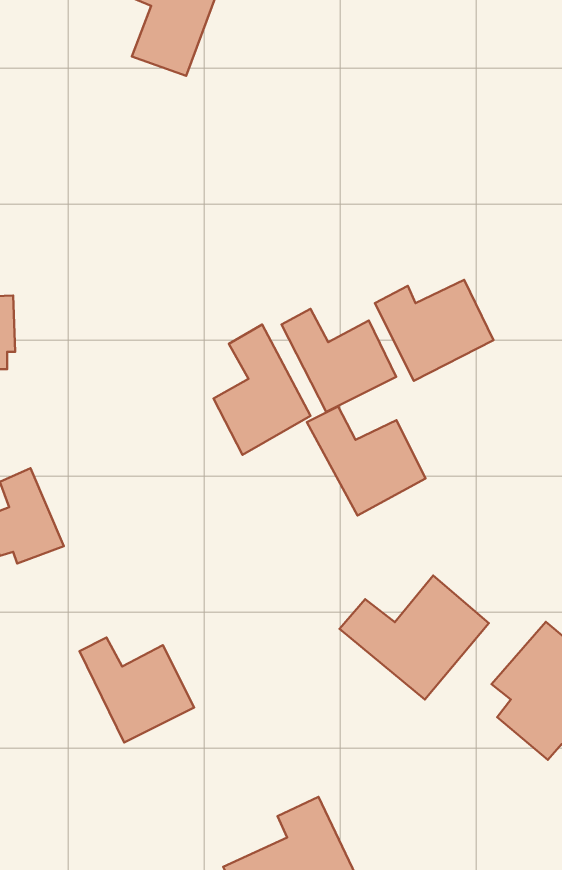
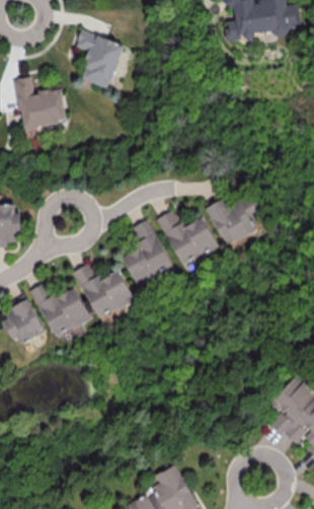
building: none -> [15,77,66,129]
building: [307,407,426,515] -> [72,264,134,320]
building: [339,575,489,699] -> none
building: [79,638,194,742] -> [30,283,90,338]

